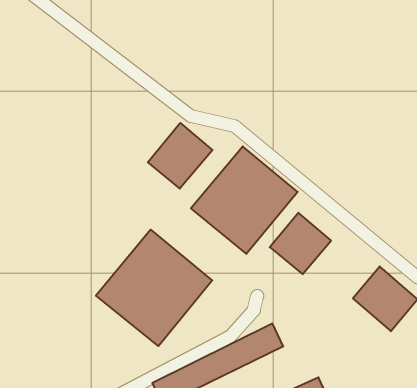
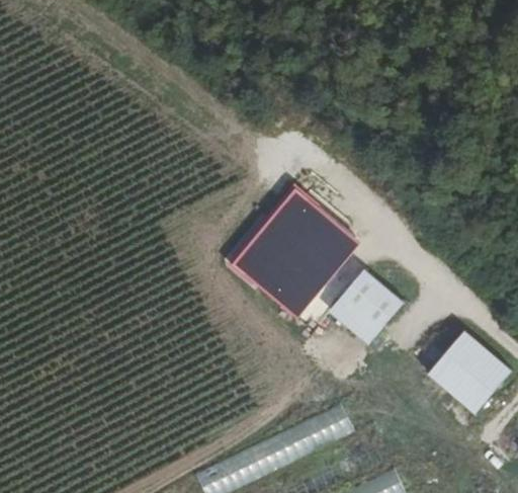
building: [148,123,212,189] -> none
building: [96,230,212,346] -> none

